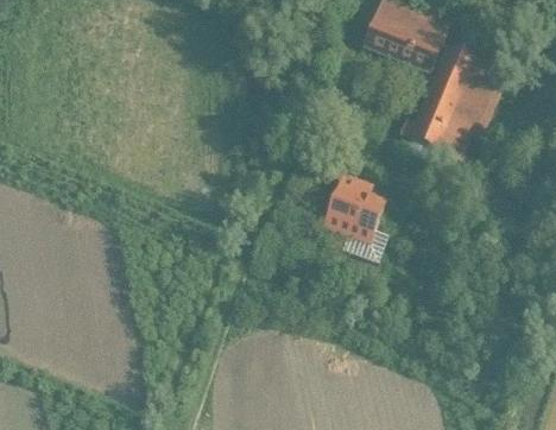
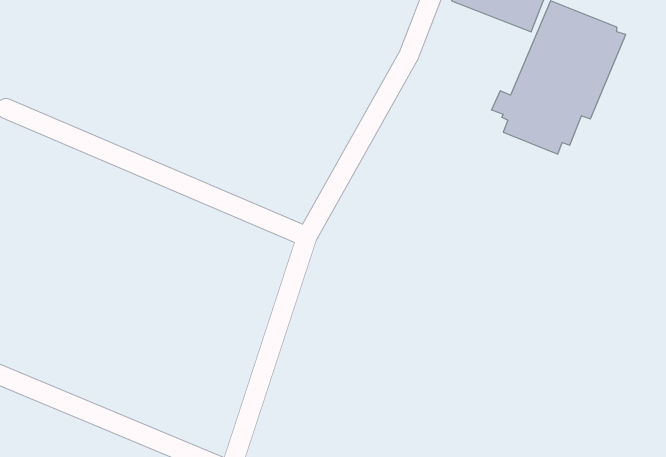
building: [322,171,386,260] -> none

